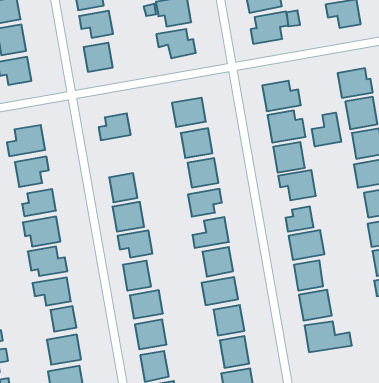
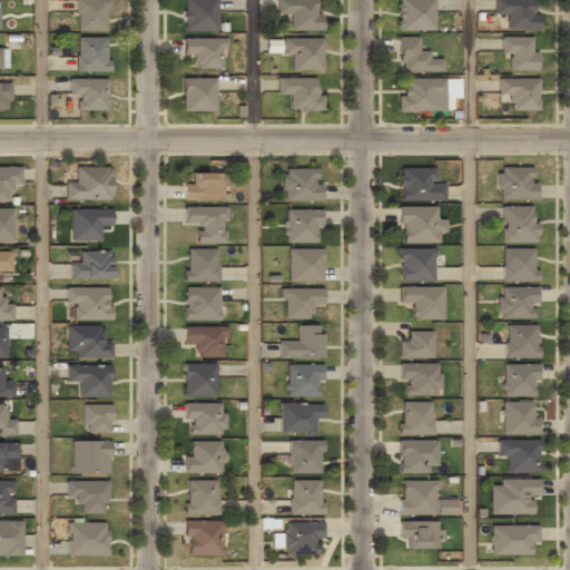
building: [312,113,341,147] -> none
building: none -> [186,206,228,244]
building: none -> [401,521,442,549]

